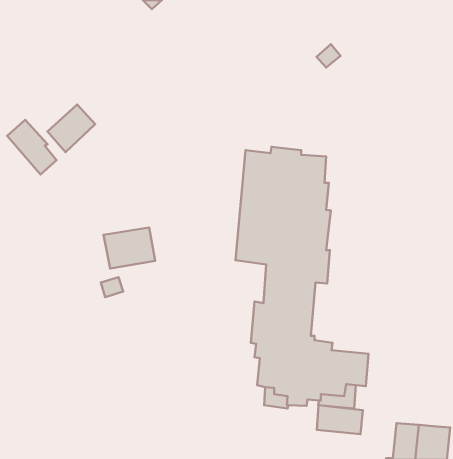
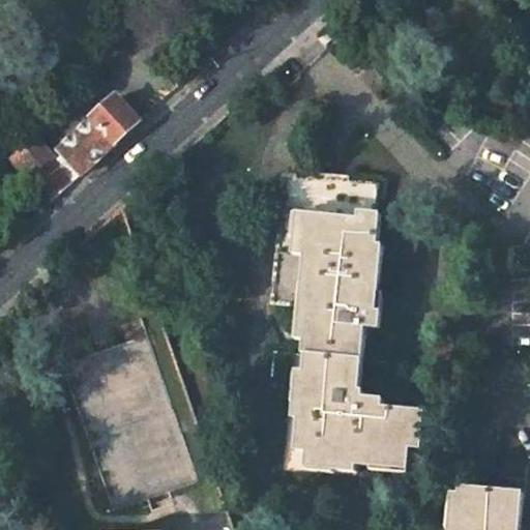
building: none -> [87,97,134,144]
building: [103,228,155,269] -> none
building: [317,405,363,434] -> none

